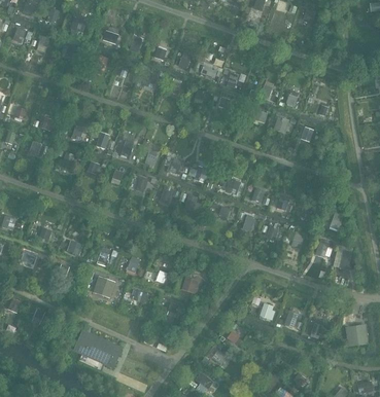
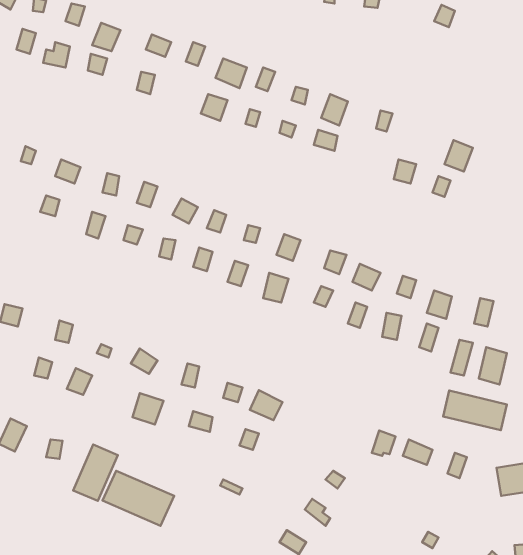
building: none -> [443,391,507,430]
building: none -> [73,445,118,501]

